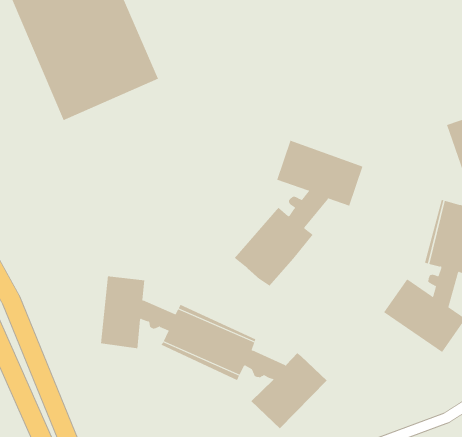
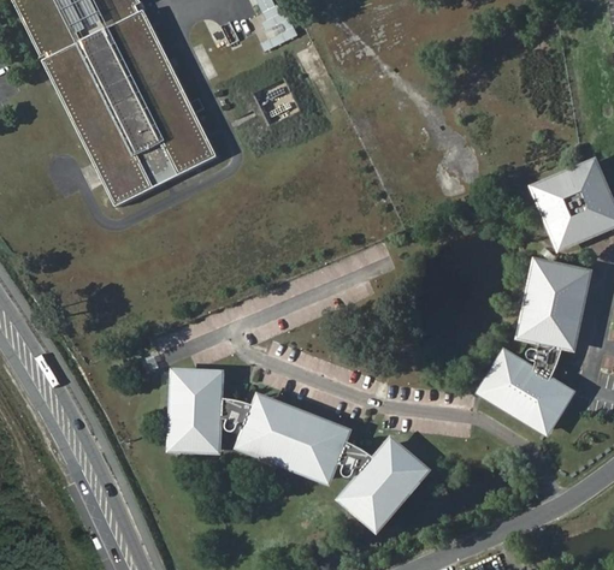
building: [234,140,363,287] -> none

